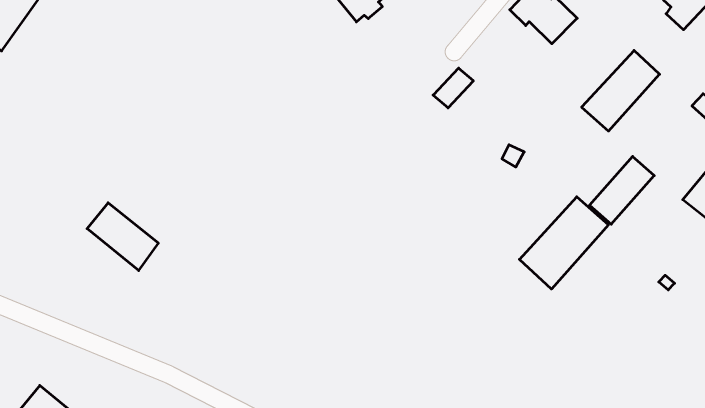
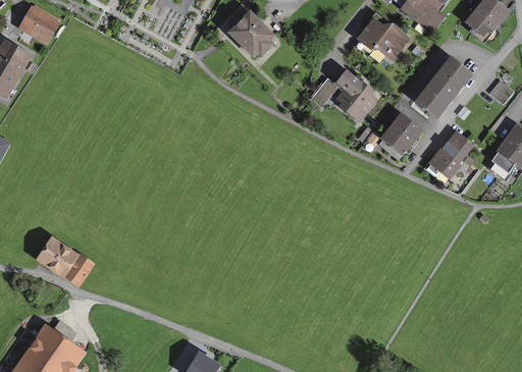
building: none -> [336,70,376,118]
building: none -> [380,114,419,153]
building: [519,197,608,289] -> none
building: [87,203,158,271] -> [38,237,89,283]

